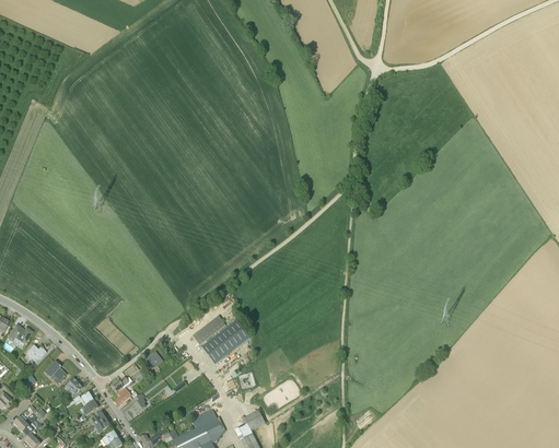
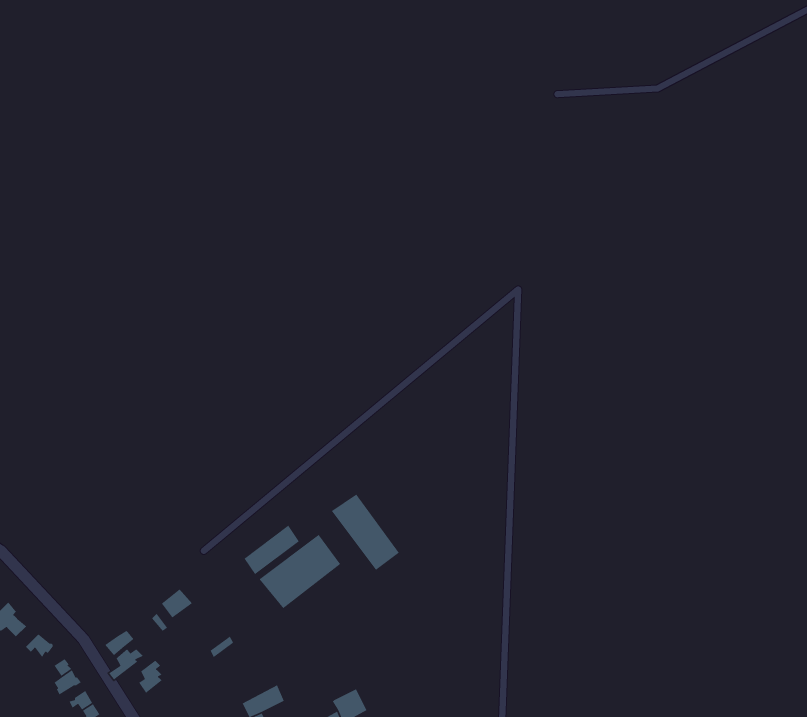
building: none -> [331,493,400,571]

